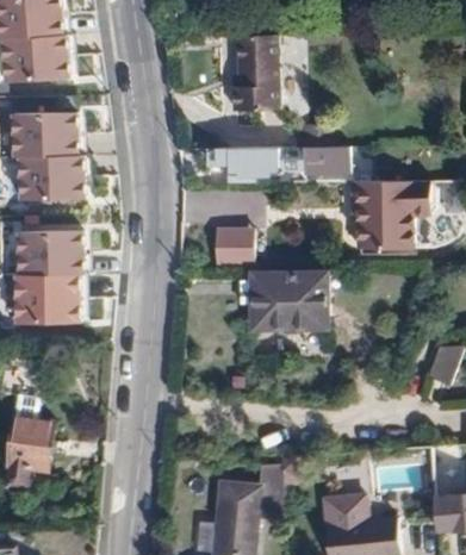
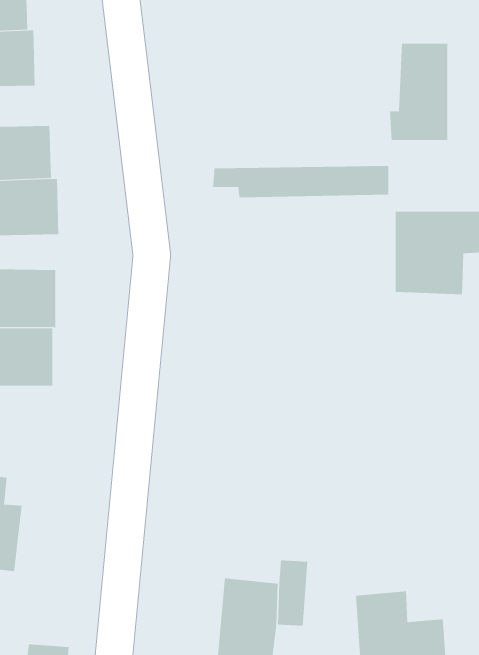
building: [232,31,280,110] -> [389,43,448,140]
building: [216,227,255,263] -> none
building: [255,266,330,336] -> none

